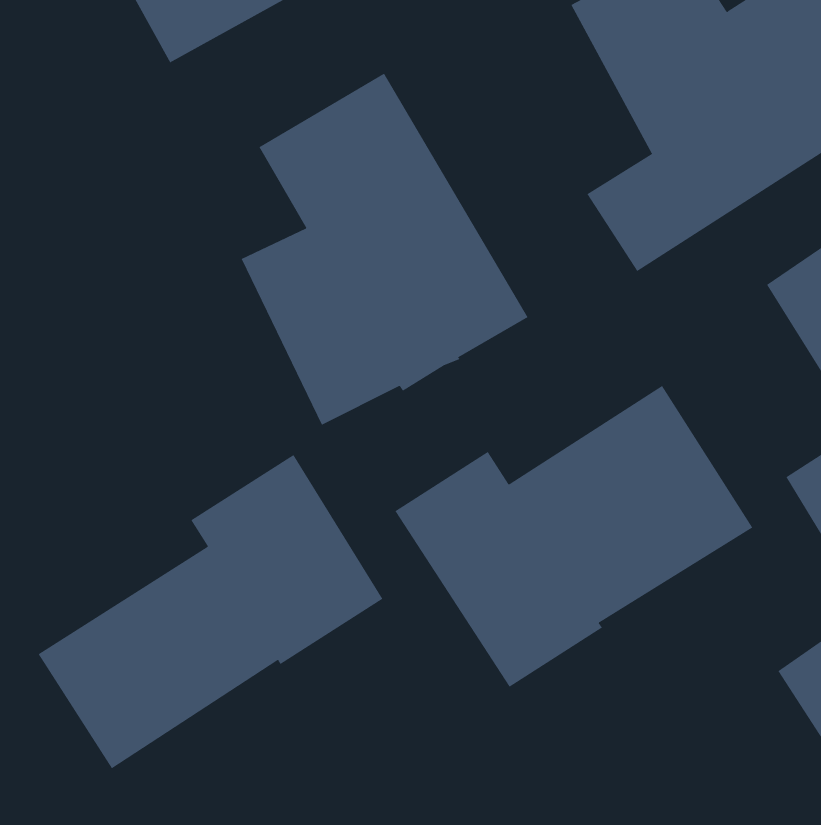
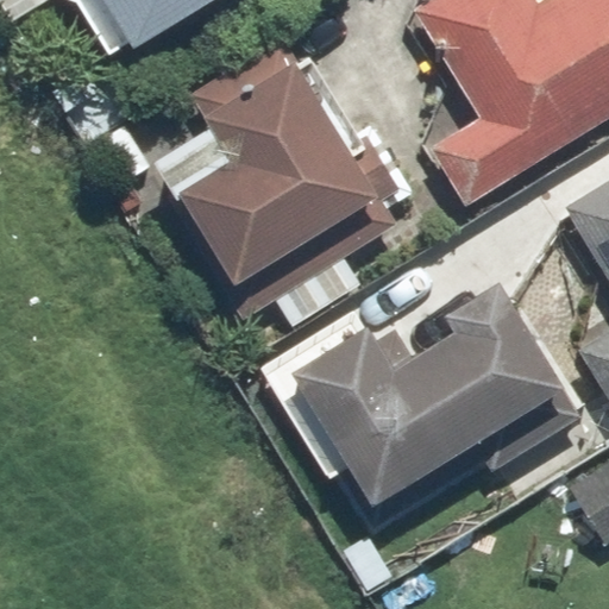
building: [38,454,383,769] -> none

